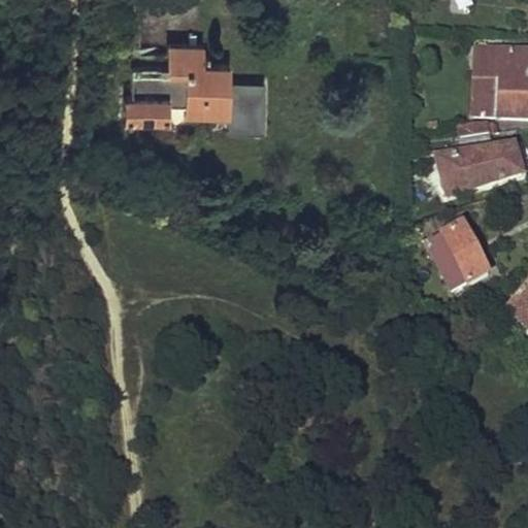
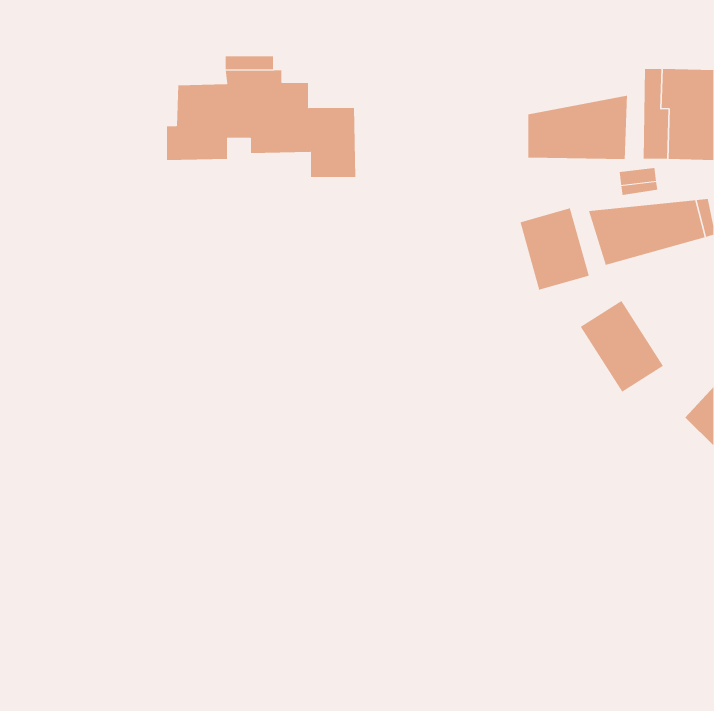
building: none -> [528,95,628,160]
building: none -> [520,208,589,291]

